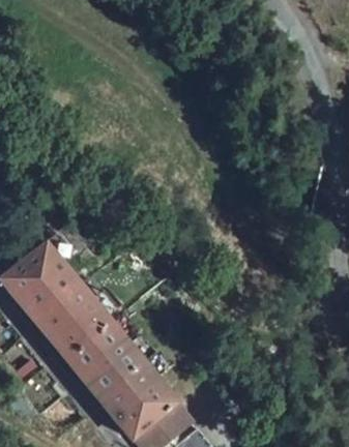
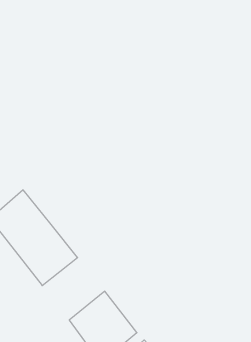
building: [67,325,146,404] -> none

